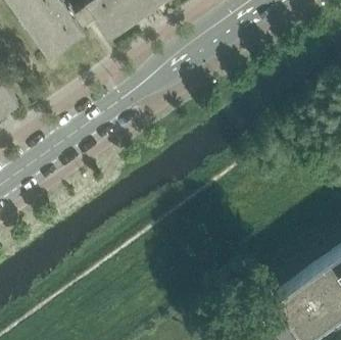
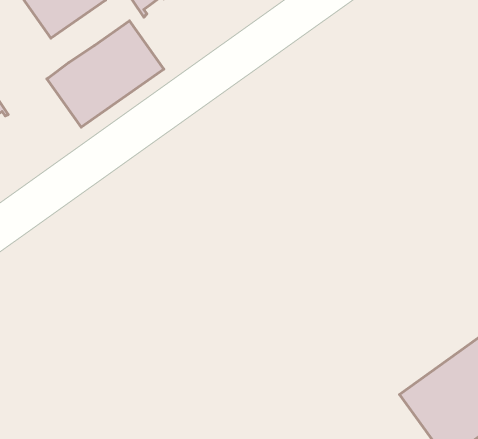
building: none -> [47,21,164,127]

